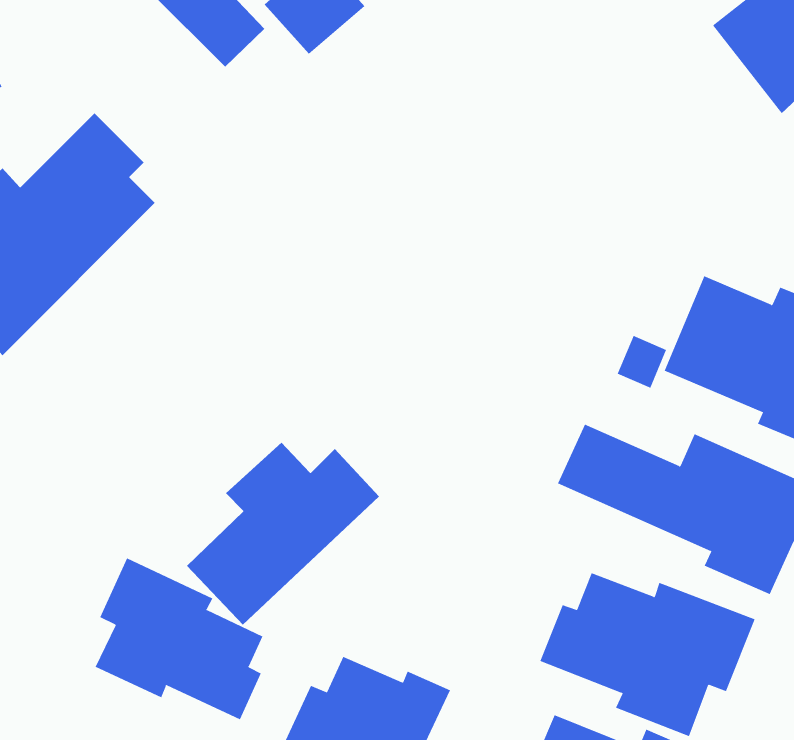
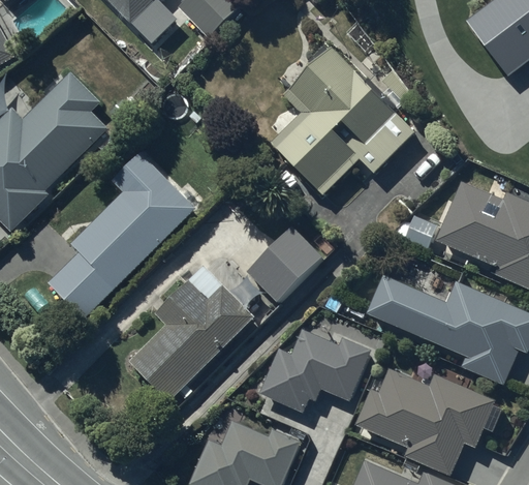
building: none -> [271,46,415,196]
building: none -> [50,155,193,319]
building: none -> [246,228,323,305]
building: none -> [259,332,368,417]
building: [95,557,263,720] -> none

